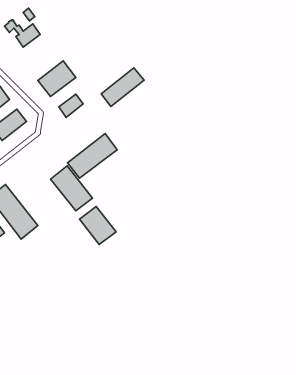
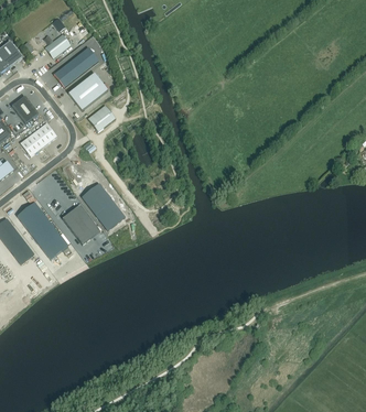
building: [101,68,144,107] -> [54,46,99,87]
building: [67,133,117,178] -> none
building: [79,207,116,244] -> [62,204,100,243]

